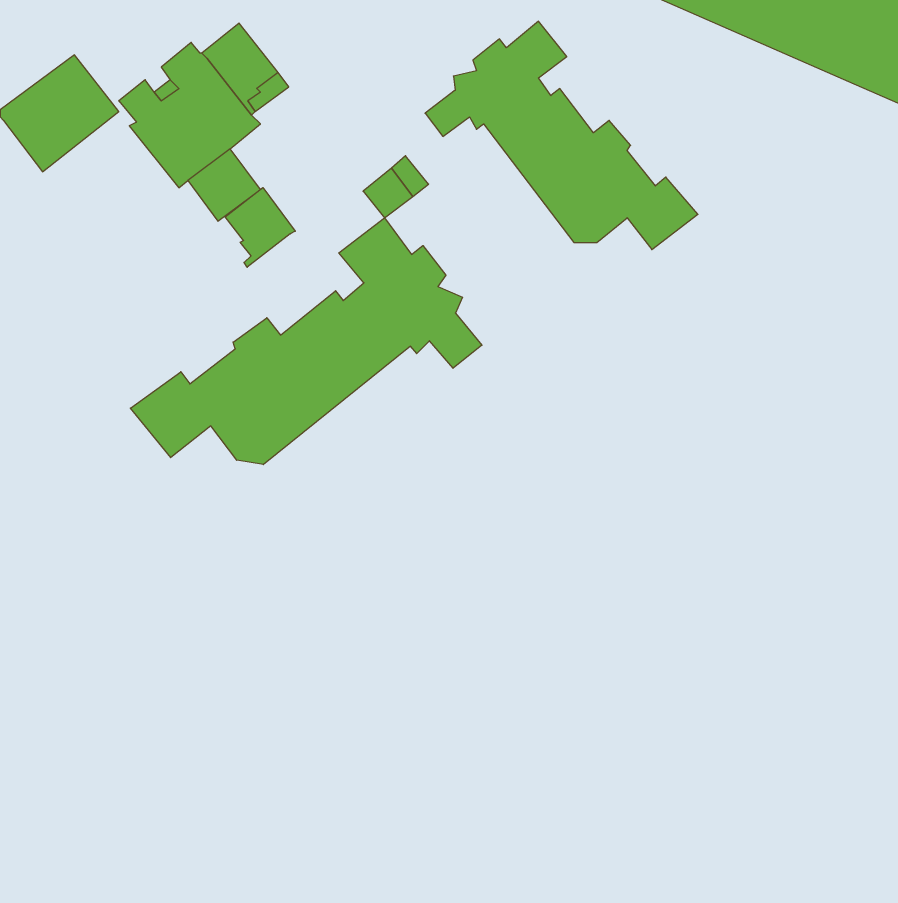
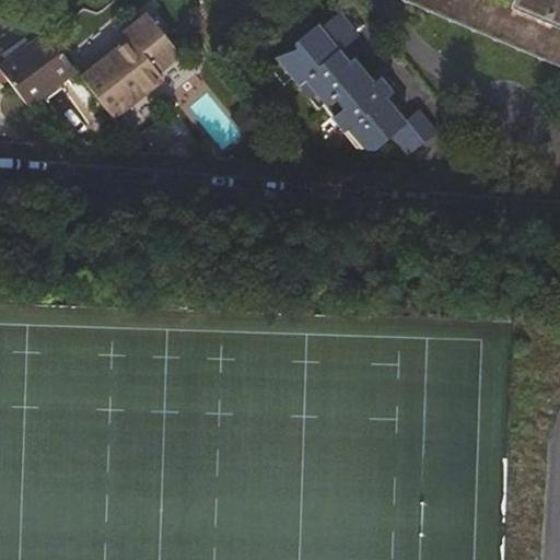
building: [225,188,295,267] -> none
building: [130,218,482,465] -> none

